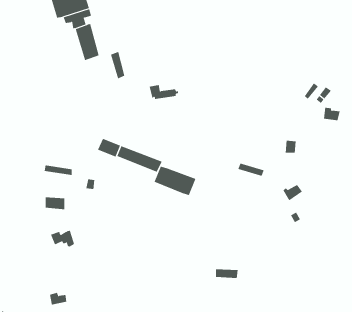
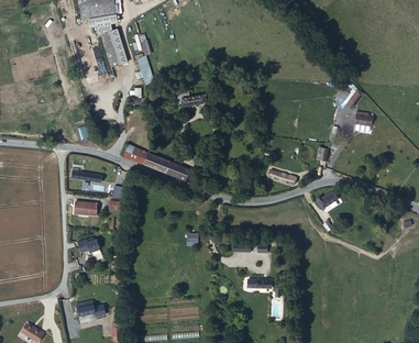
building: [154,166,196,196] -> none

